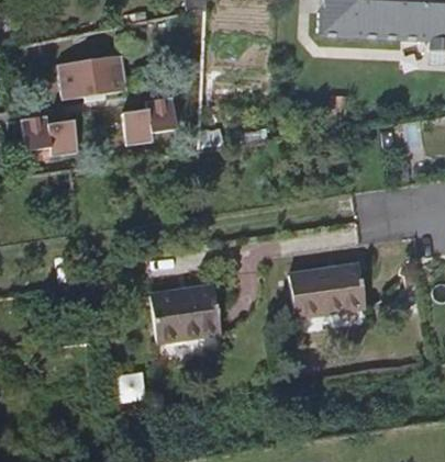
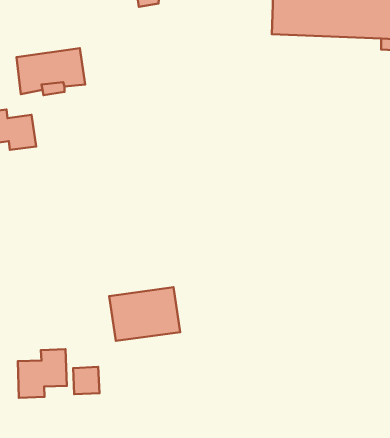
building: [123,94,177,144] -> none
building: [291,268,366,322] -> none
building: none -> [18,349,67,398]

